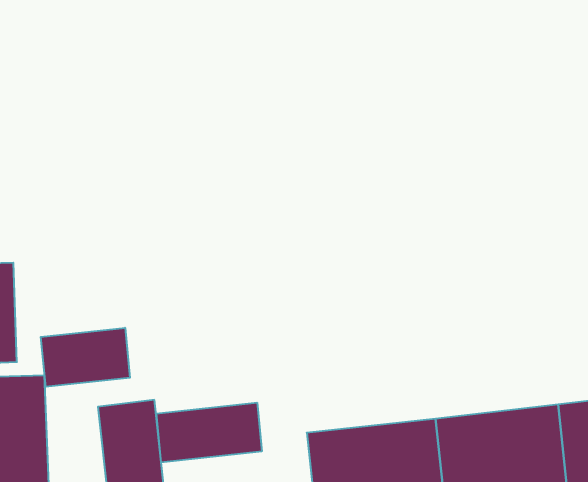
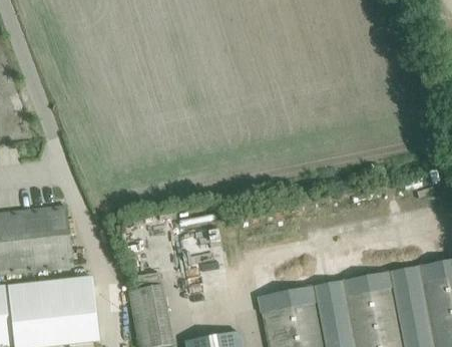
building: [41,328,130,387] -> none
building: [157,403,262,462] -> none

